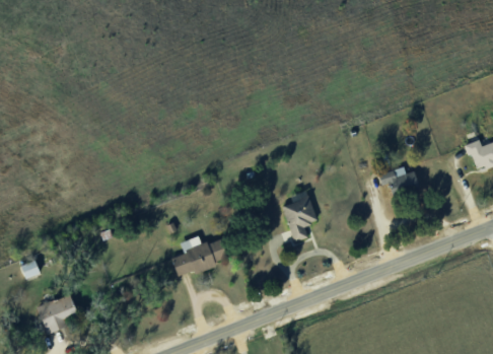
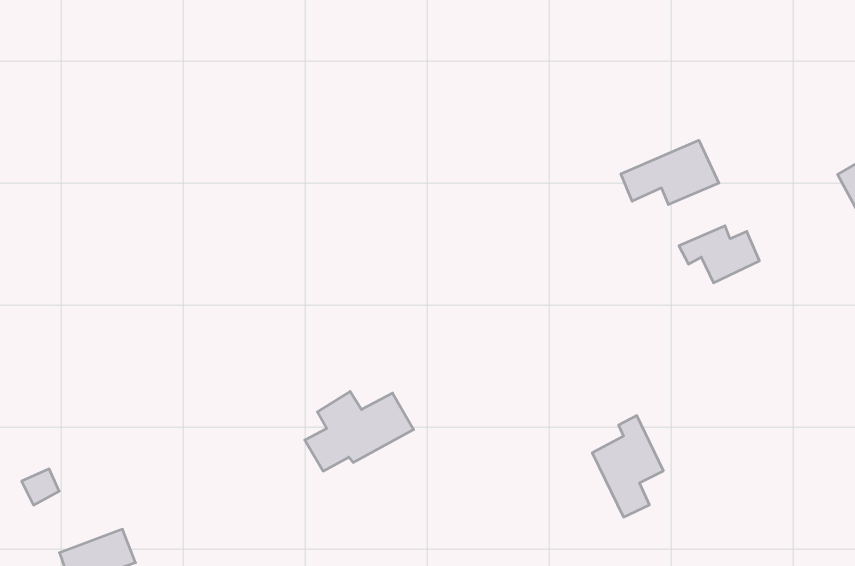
building: none -> [621,140,719,205]
building: [281,190,318,242] -> [592,416,663,517]

